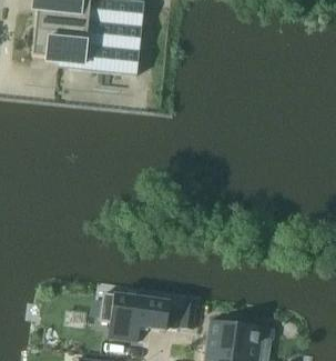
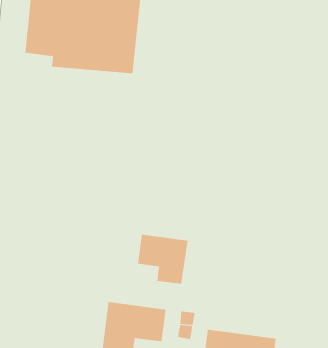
building: none -> [137,234,188,284]

